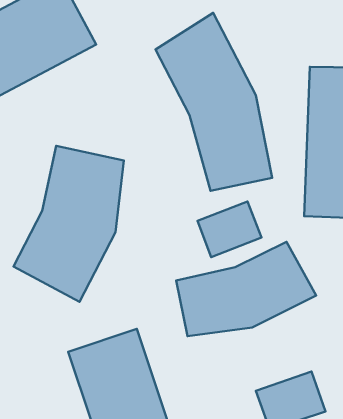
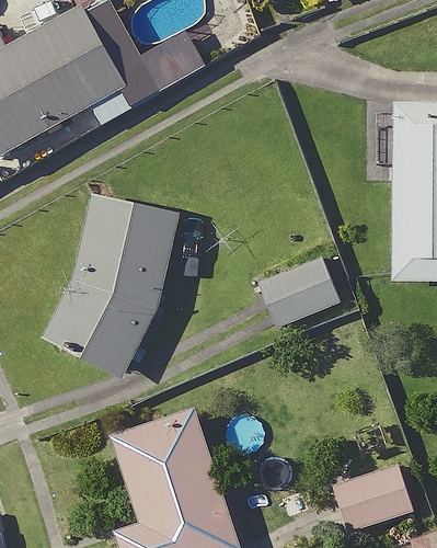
building: [155,13,272,191] -> none
building: [176,242,316,336] -> none

